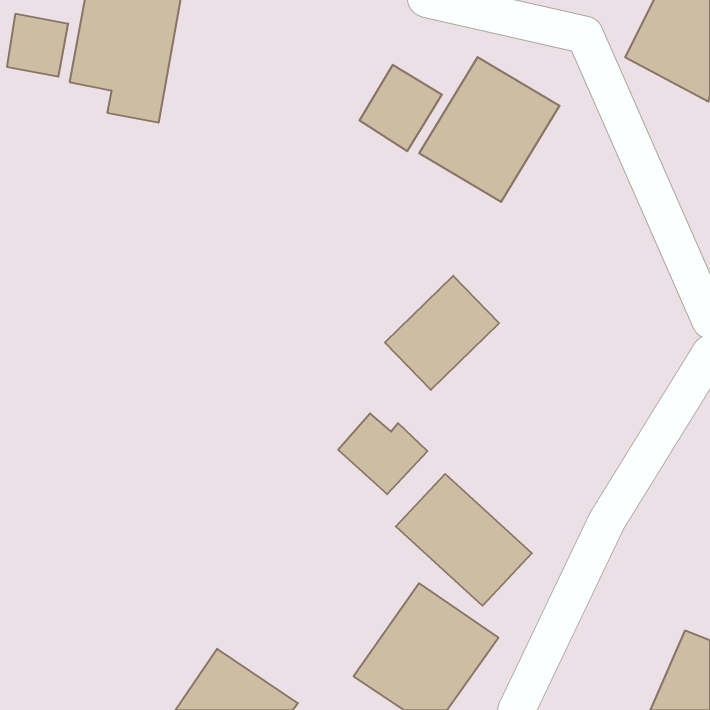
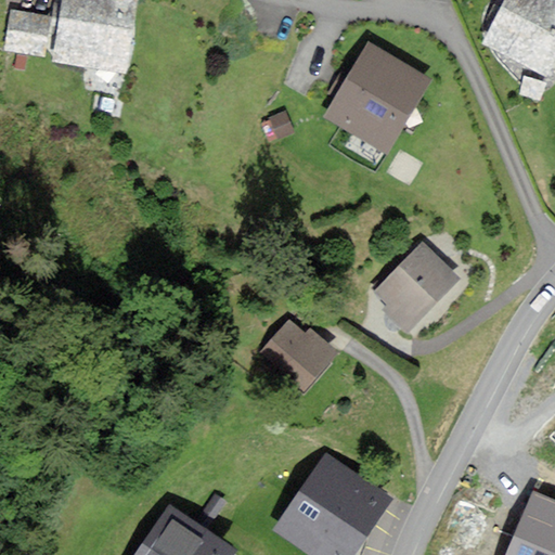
building: [360,65,442,151] -> none
building: [385,276,499,390] -> [369,237,457,326]
building: [396,474,532,606] -> none

